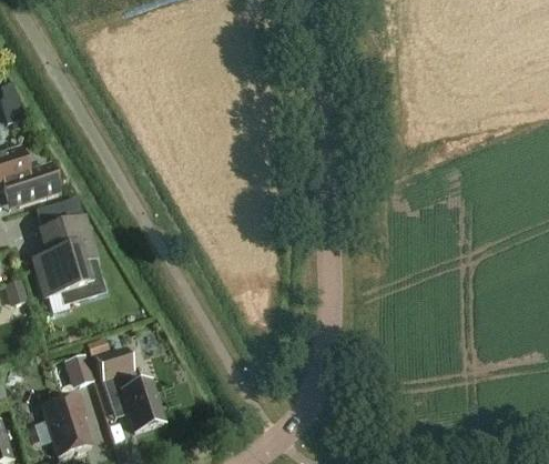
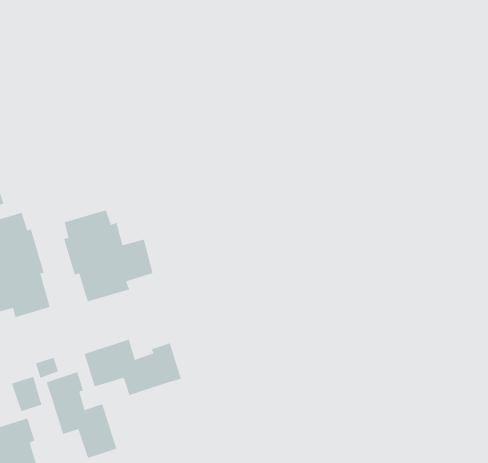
building: none -> [64,209,153,302]
building: none -> [84,339,181,396]

